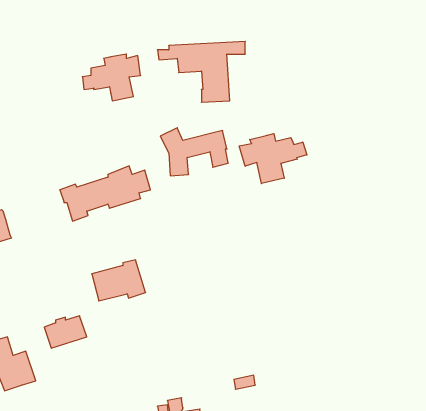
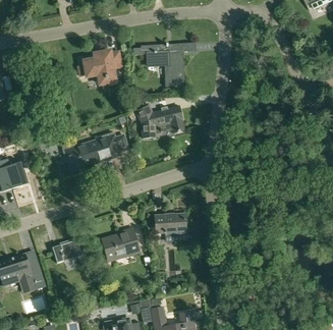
building: [239,134,307,184] -> none
building: [92,260,146,301] -> [101,228,140,258]
building: none -> [155,214,187,240]

